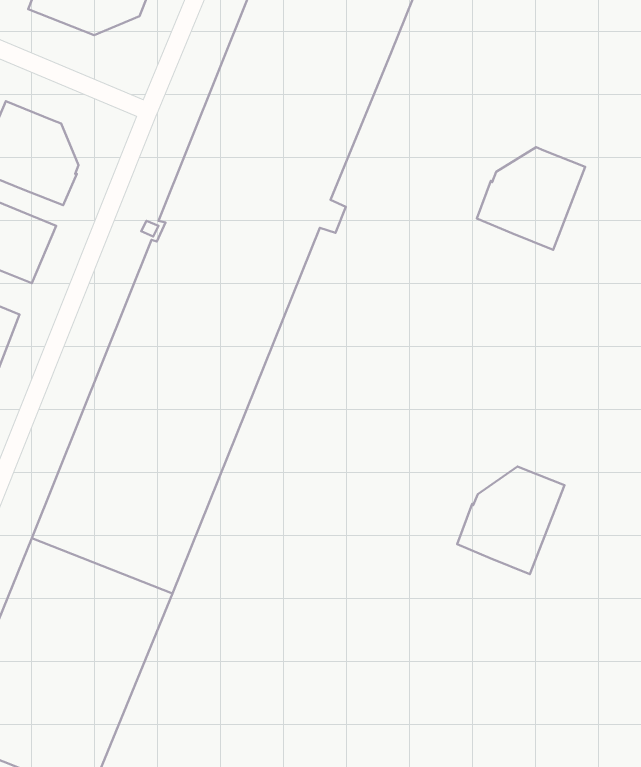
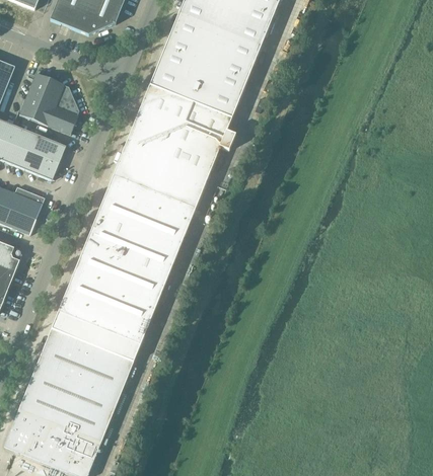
building: [477,147,585,250] -> none
building: [457,466,564,574] -> none

